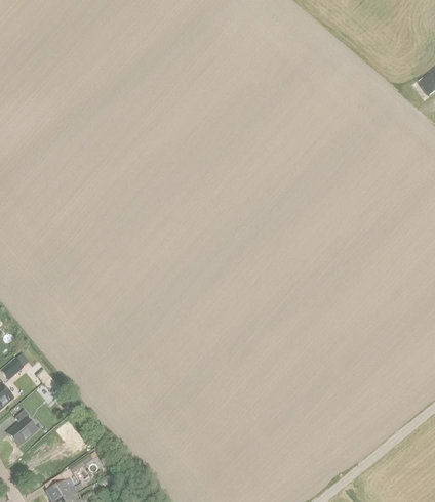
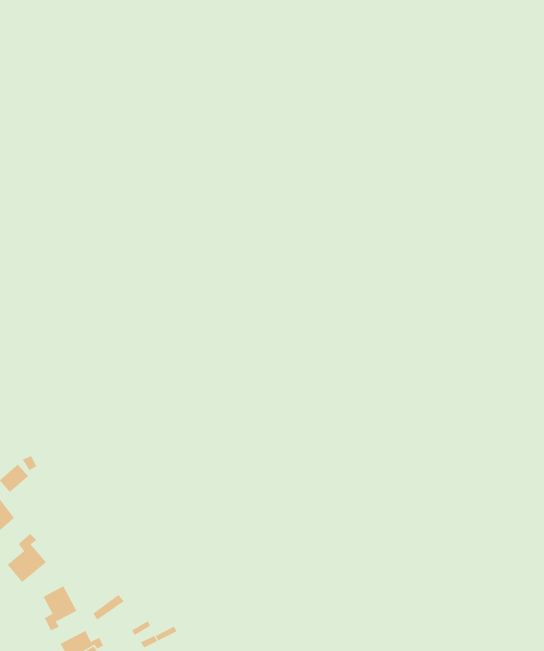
building: none -> [43,586,77,631]

